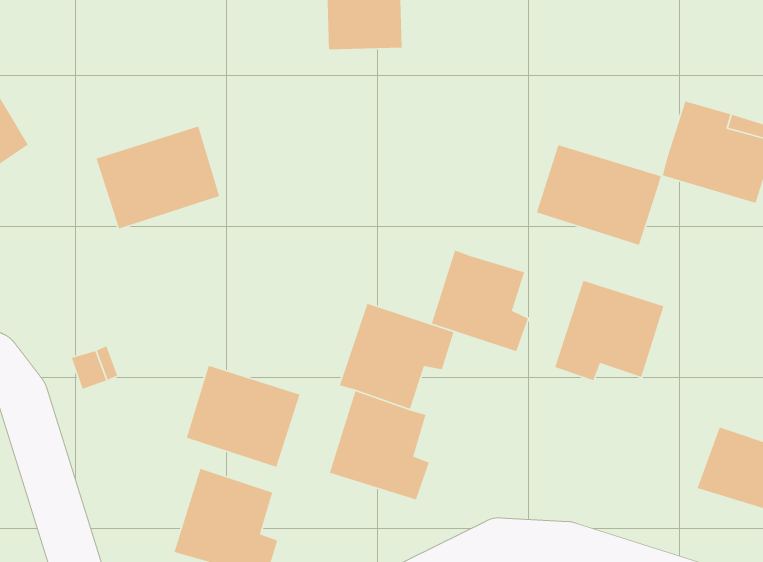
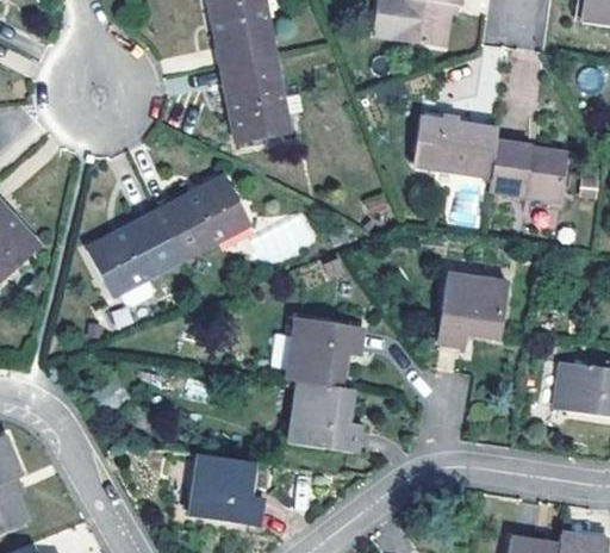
building: none -> [156,176,250,261]
building: [536,144,662,246] -> [413,116,498,178]
building: [431,250,529,352] -> none
building: [186,365,301,468] -> none

